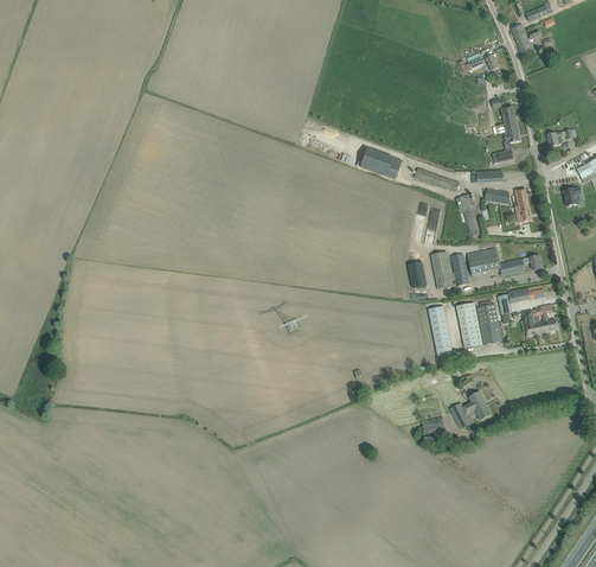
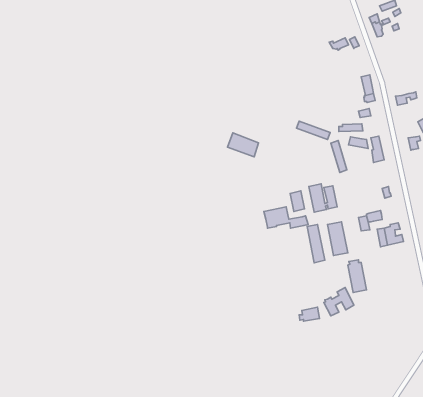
building: [360,147,402,179] -> [228,133,259,157]
building: [467,247,526,275] -> [264,207,308,228]
building: [478,300,502,344] -> [348,260,367,293]

